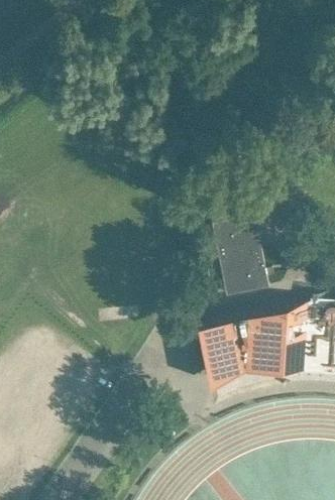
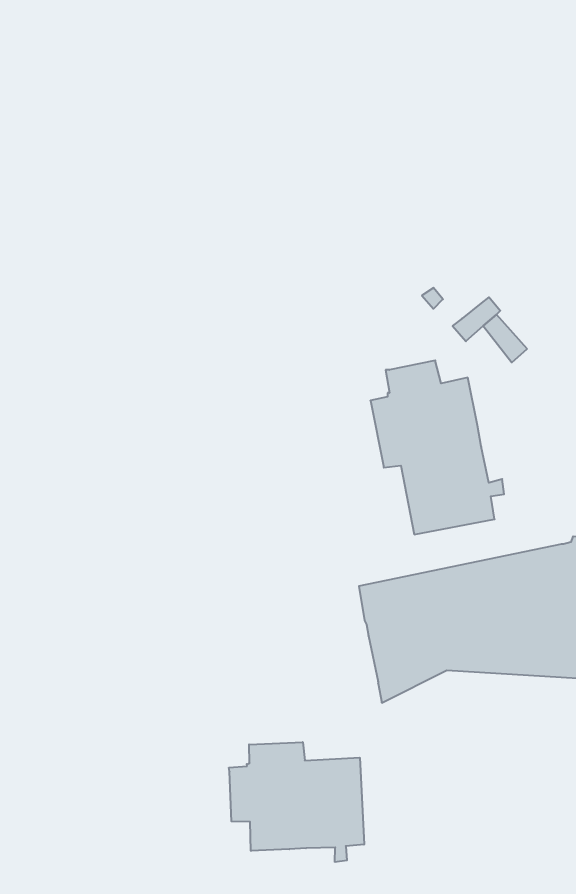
building: none -> [229,742,364,862]

